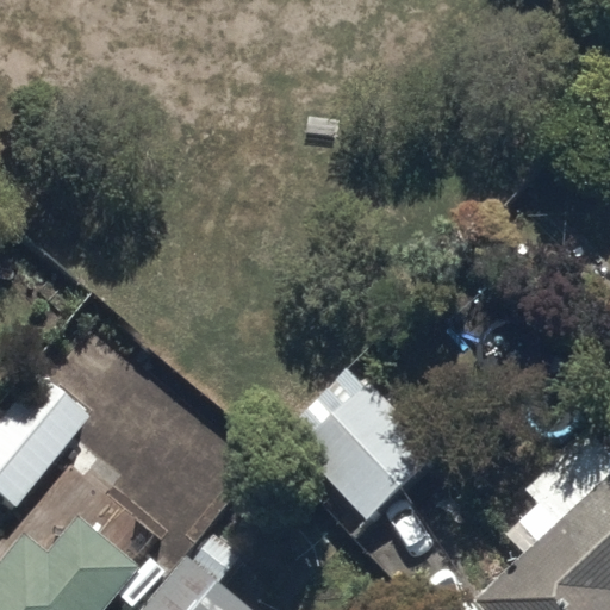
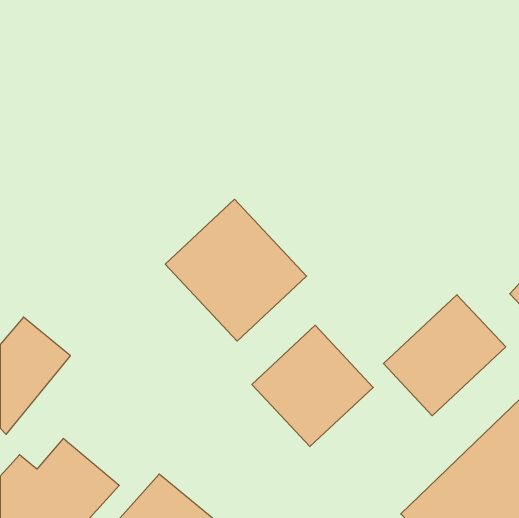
building: none -> [165,199,307,341]
building: none -> [383,295,506,416]

